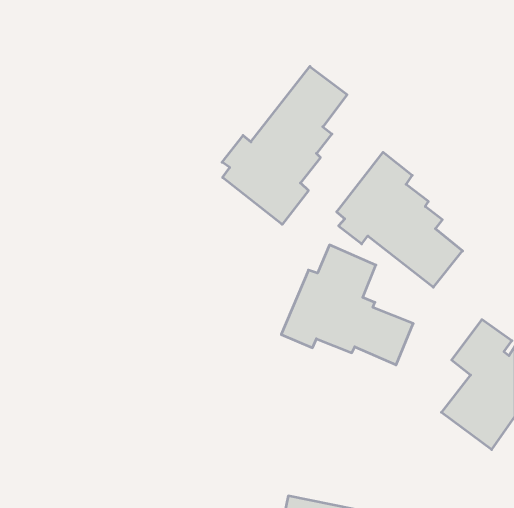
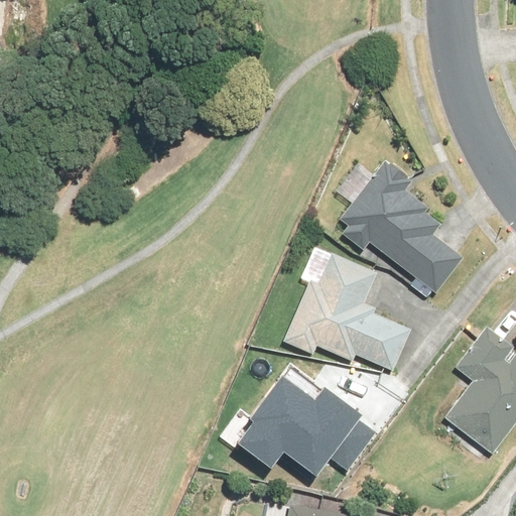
building: [222,66,347,224] -> none
building: none -> [241,365,380,478]

